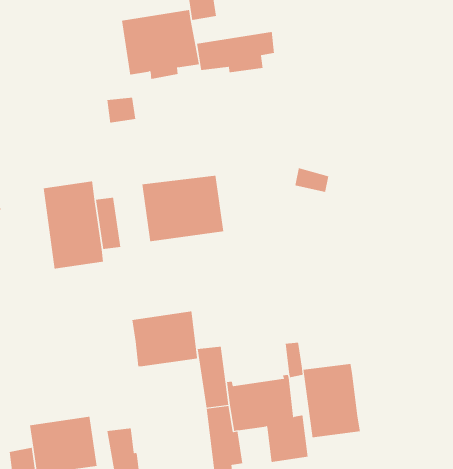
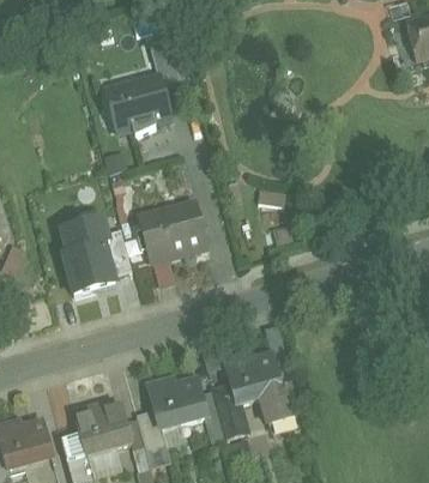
building: [197,31,274,73] -> none
building: [131,311,198,367] -> [150,376,206,425]
building: [303,363,360,438] -> none

